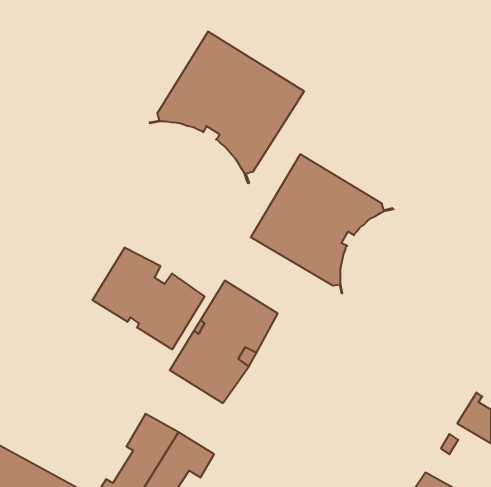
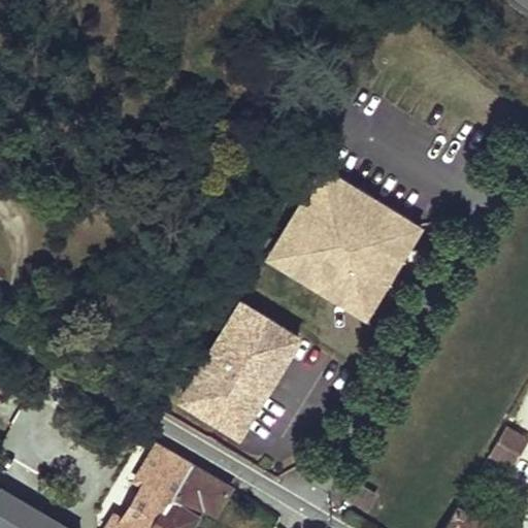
building: [150,31,304,183] -> none
building: none -> [364,230,421,320]
building: [92,247,205,349] -> none

